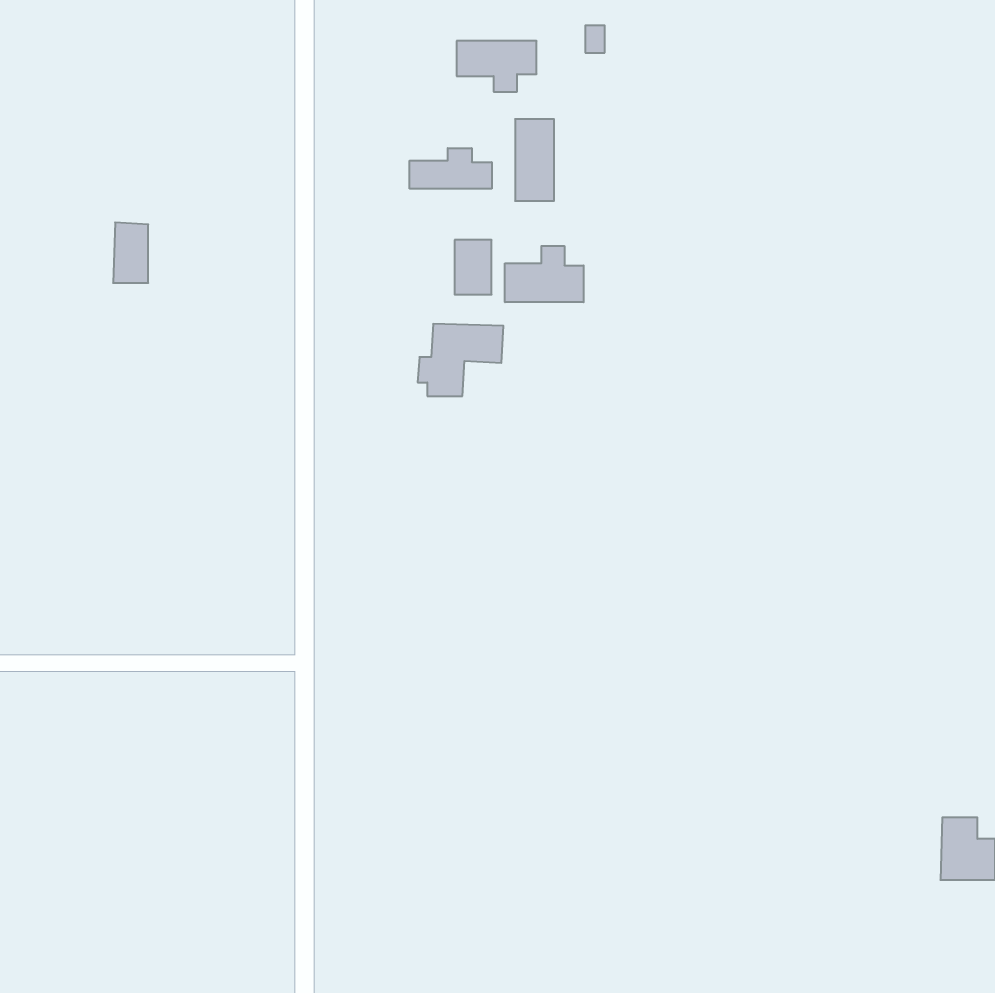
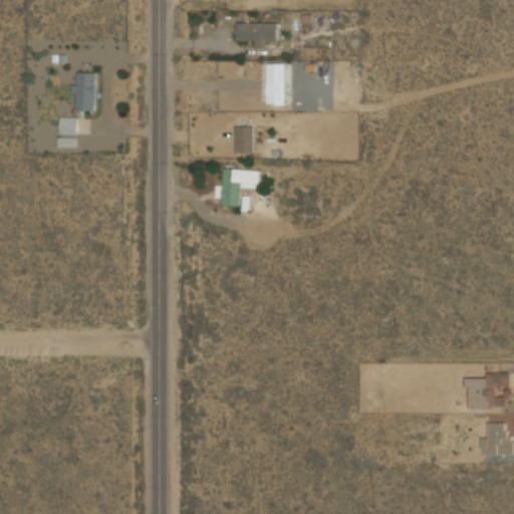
building: none -> [73,71,95,111]
building: [410,148,492,189] -> none
building: [505,246,584,302] -> none

